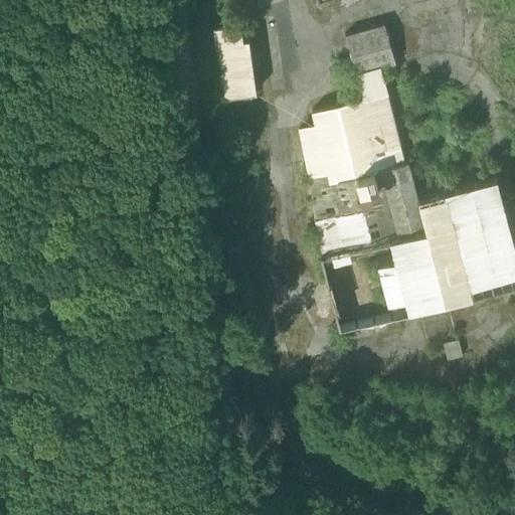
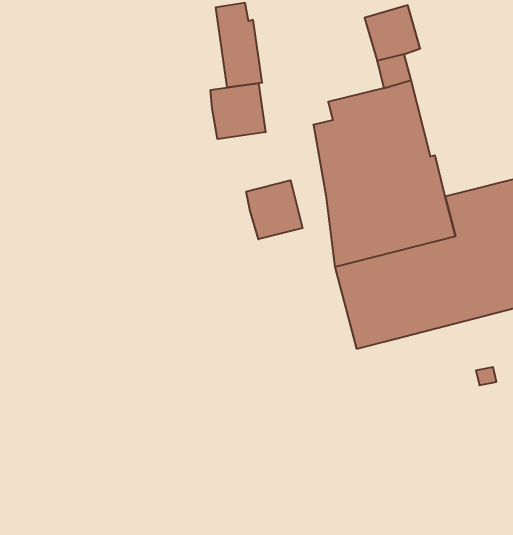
building: none -> [211,83,266,139]
building: none -> [246,180,303,239]

